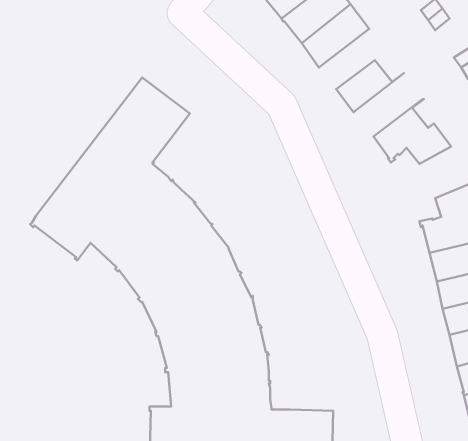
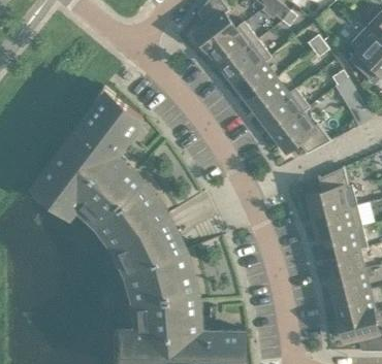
building: none -> [234,57,275,100]
building: none -> [259,89,309,134]

